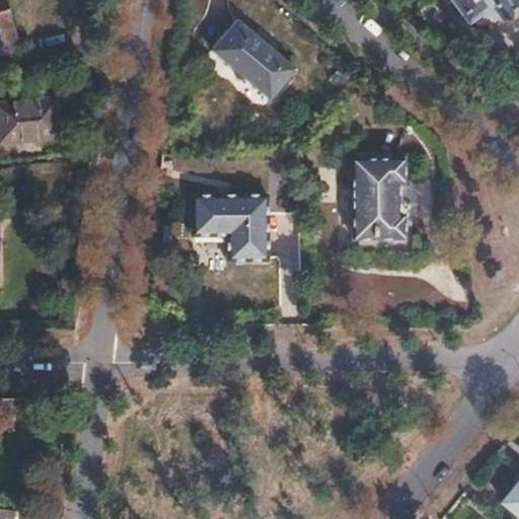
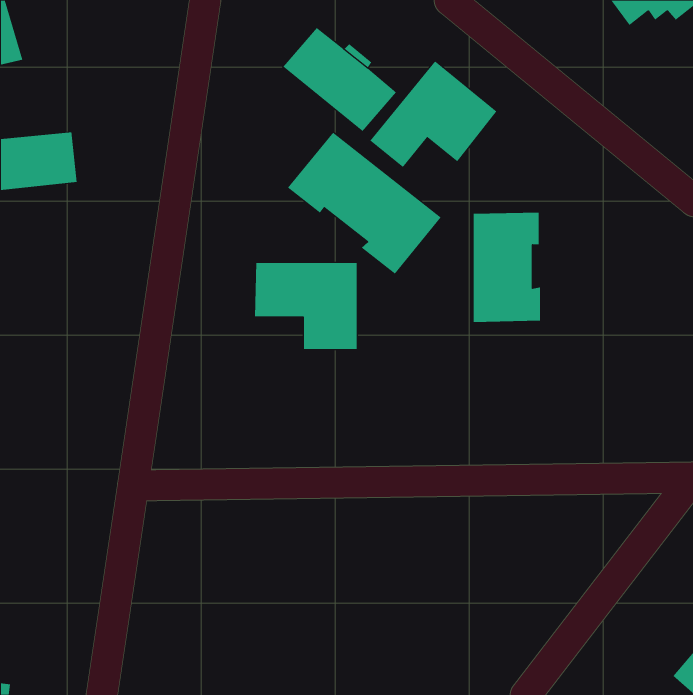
building: none -> [370,60,497,168]
building: none -> [287,132,441,274]

